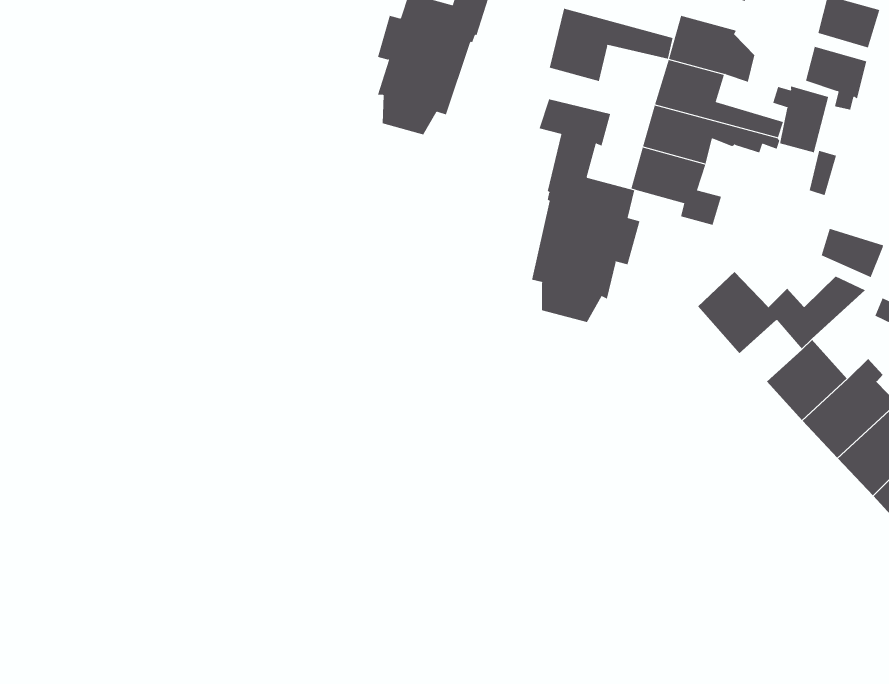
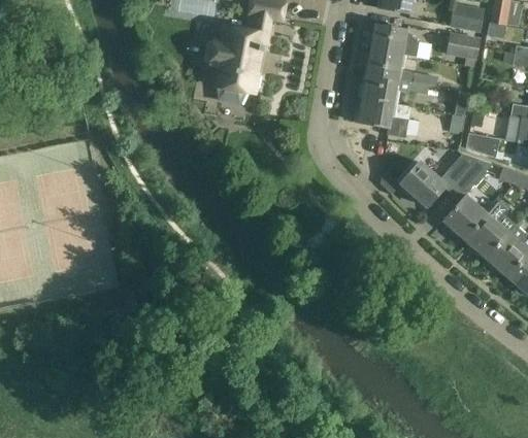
building: [549,8,673,82] -> none
building: [772,85,829,153] -> none
building: [532,98,640,323] -> none

